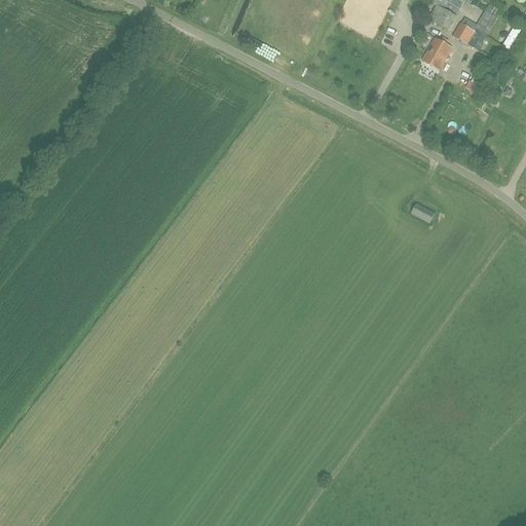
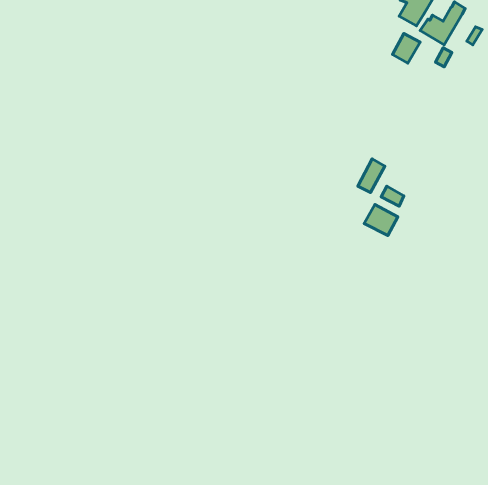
building: none -> [358,159,385,193]
building: none -> [364,204,398,235]

